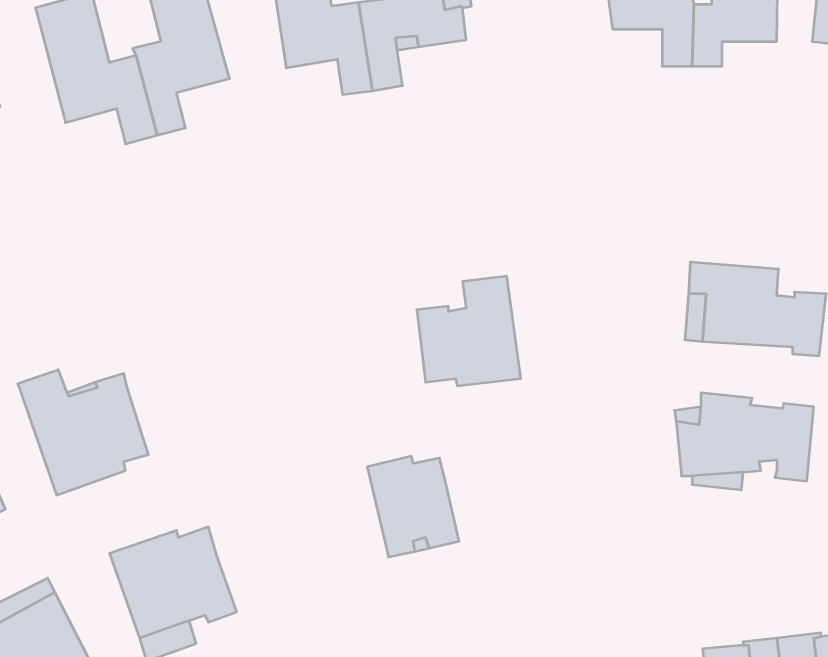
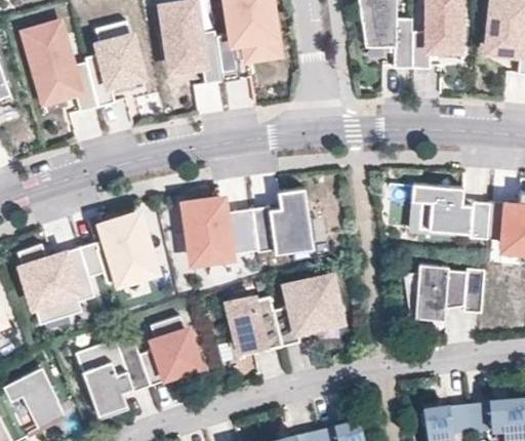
building: none -> [181,198,258,271]
building: none -> [83,217,157,283]
building: none -> [270,277,337,346]
building: none -> [137,316,197,387]

